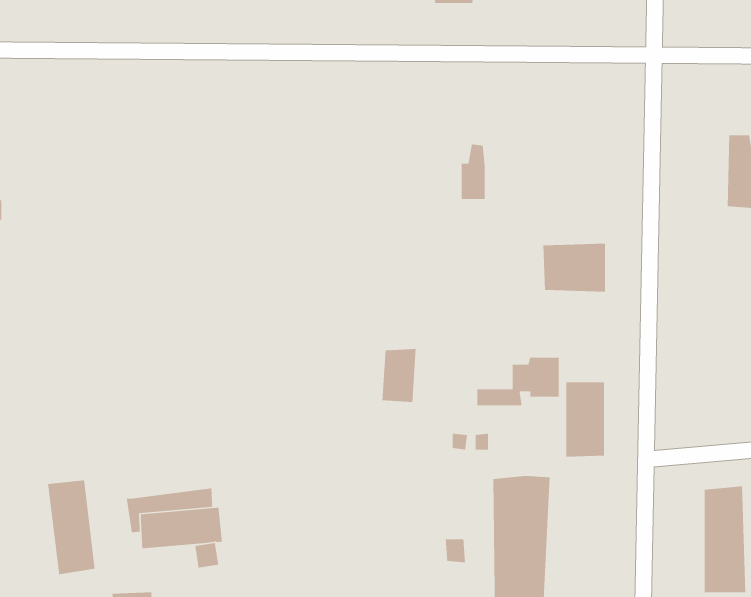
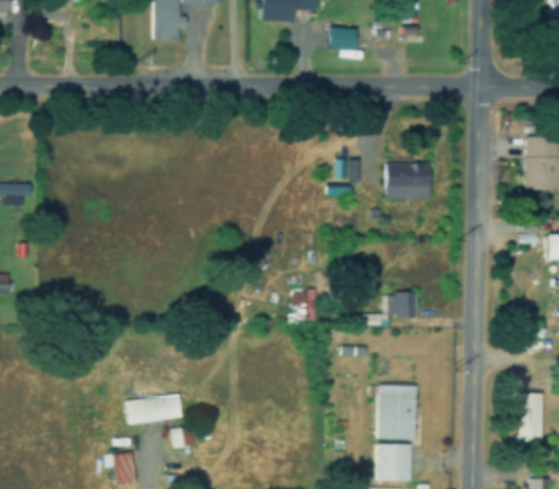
building: [543,243,606,292] -> [384,164,428,198]
building: [566,381,605,457] -> none
building: [47,479,96,575] -> none

